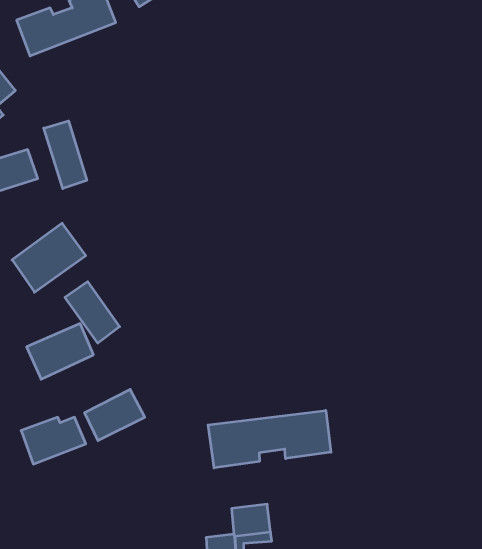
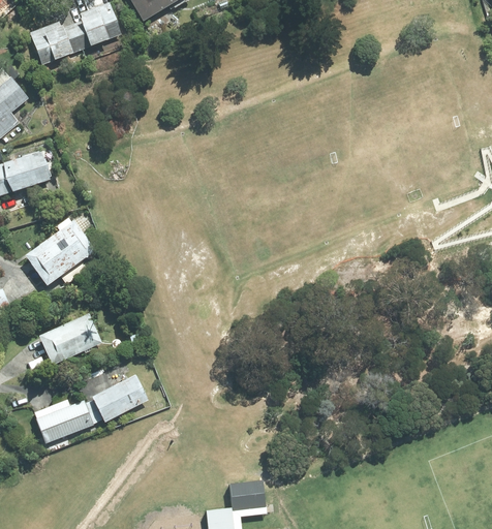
building: [44,121,87,189] -> none
building: [65,282,120,343] -> none
building: [208,410,331,468] -> none

